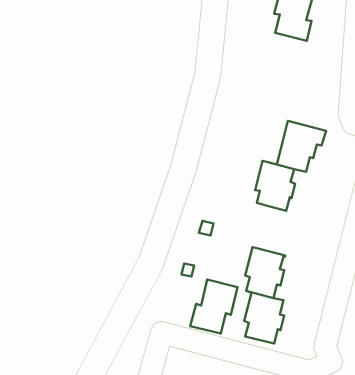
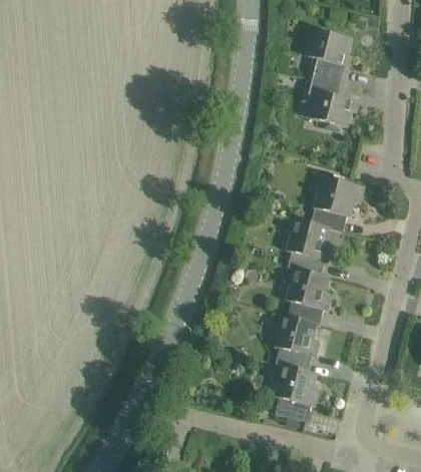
building: none -> [303,78,352,127]
building: none -> [286,268,330,324]
building: [190,280,237,334] -> none

